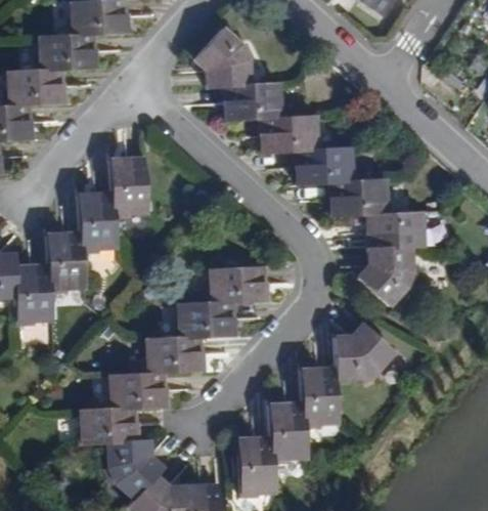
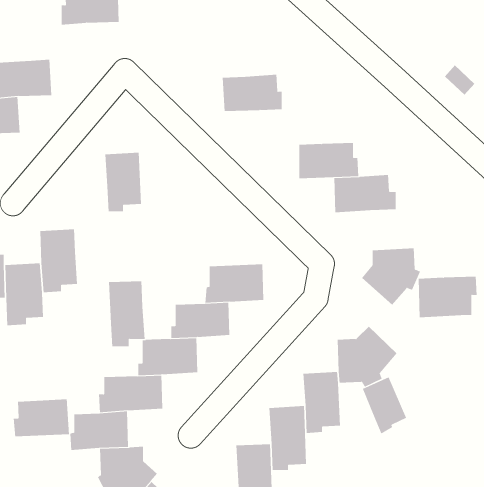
building: [195,29,252,86] -> none
building: [40,34,96,70] -> none
building: [261,116,320,152] -> none
building: [81,190,117,254] -> [108,281,145,347]
building: [367,212,425,252] -> [418,276,477,318]
building: none -> [362,377,407,434]
building: none -> [13,398,69,437]

